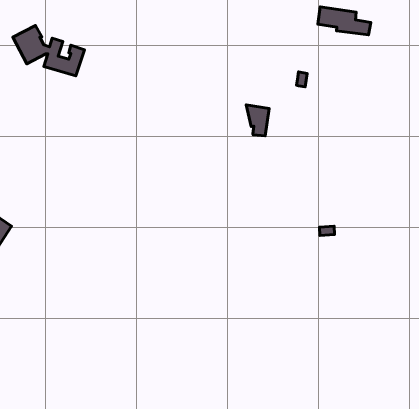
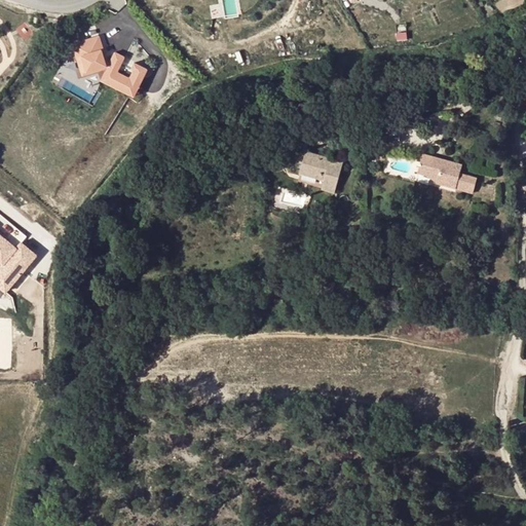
building: [318,7,371,35] -> [417,154,476,192]
building: none -> [294,142,320,180]

